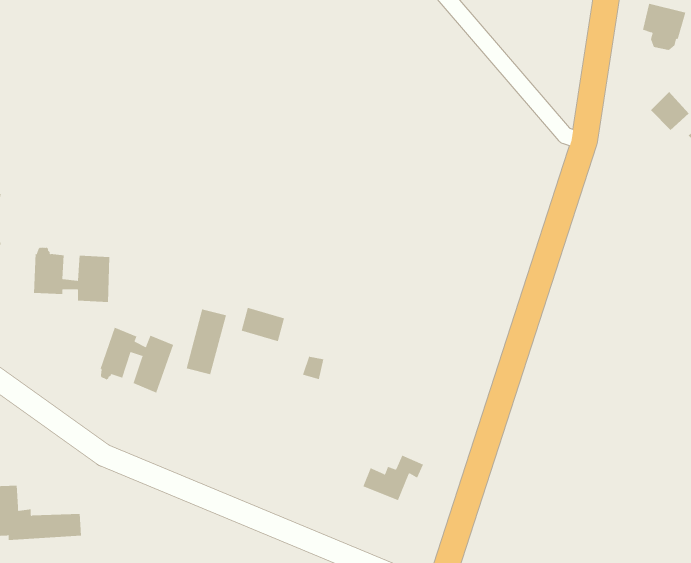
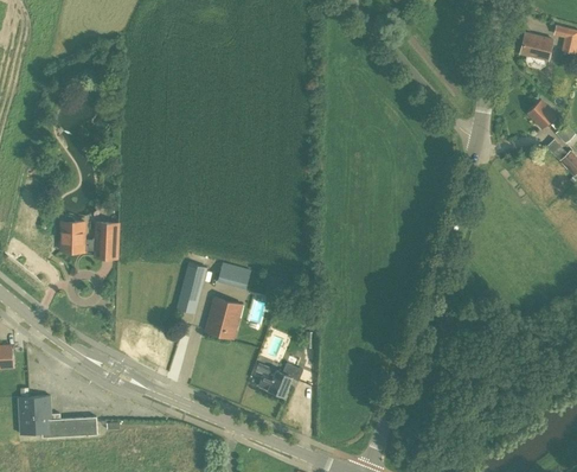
building: [100,327,174,394] -> none
building: none -> [204,298,243,339]
building: [362,455,424,501] -> [257,363,303,397]

